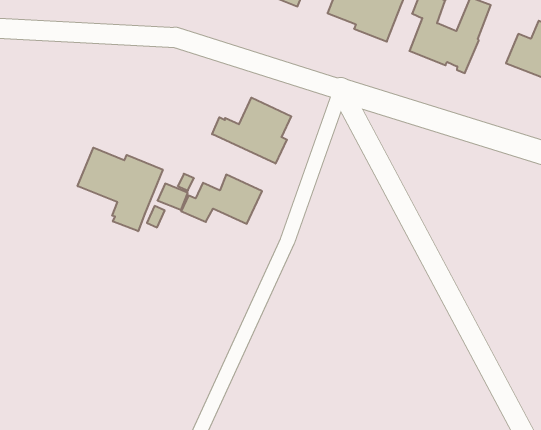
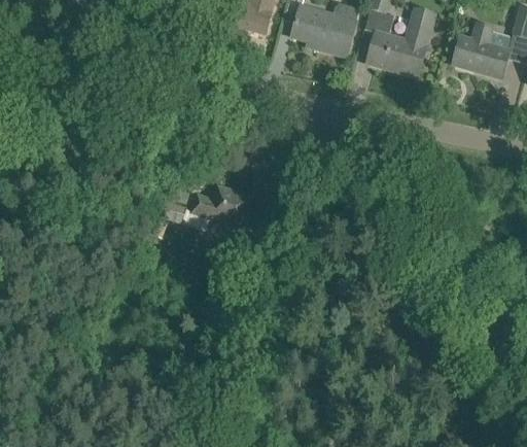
building: [212,98,291,164] -> none
building: [78,148,163,231] -> none

